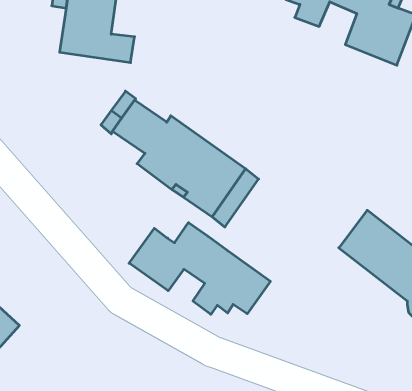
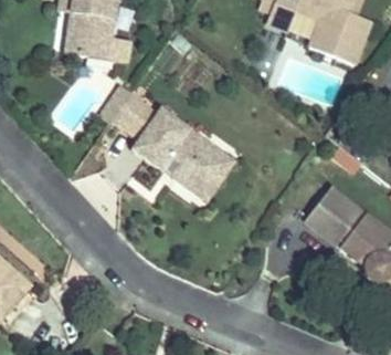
building: [129,223,270,314] -> none

